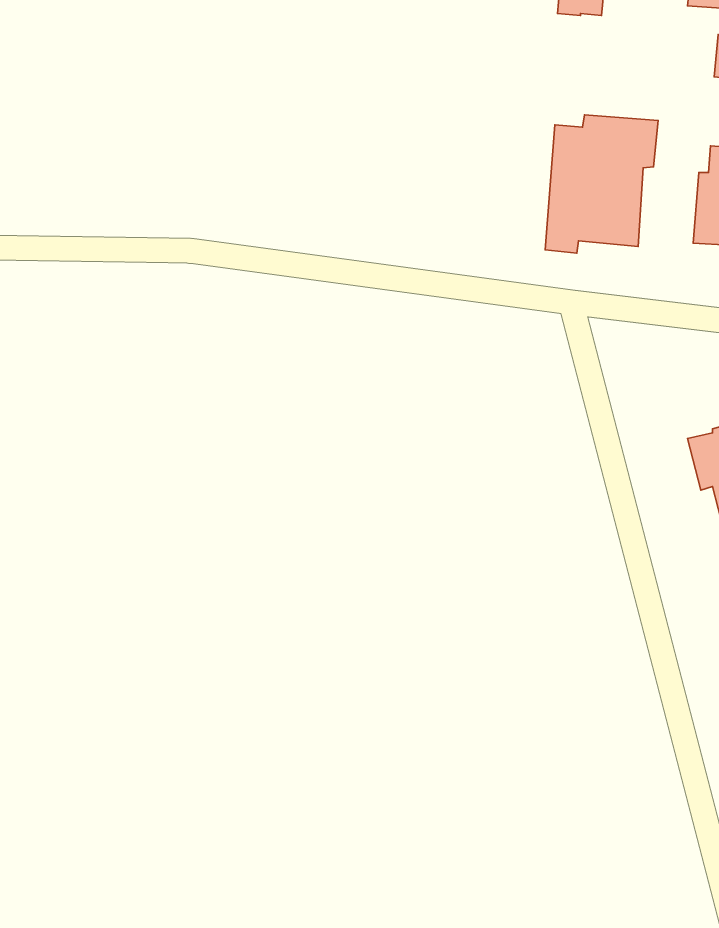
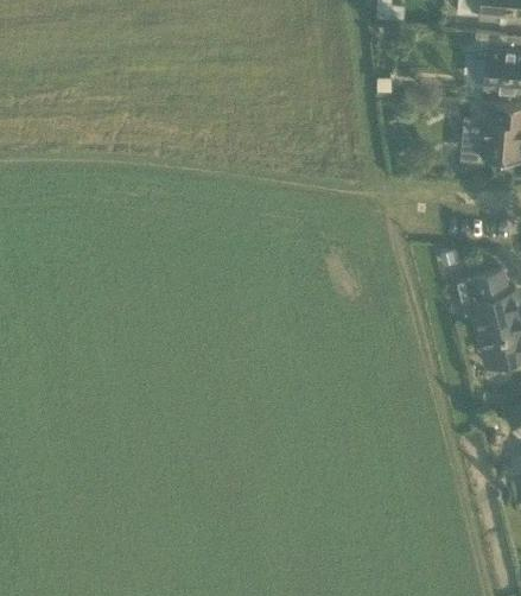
building: [545,115,658,253] -> none

